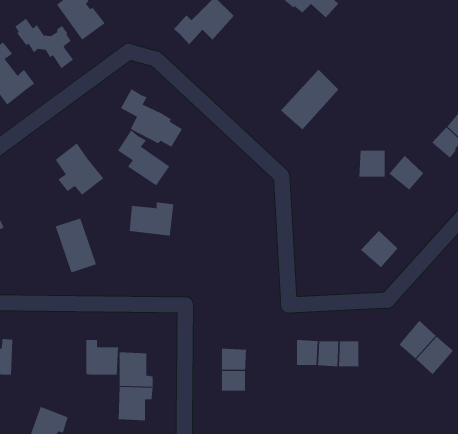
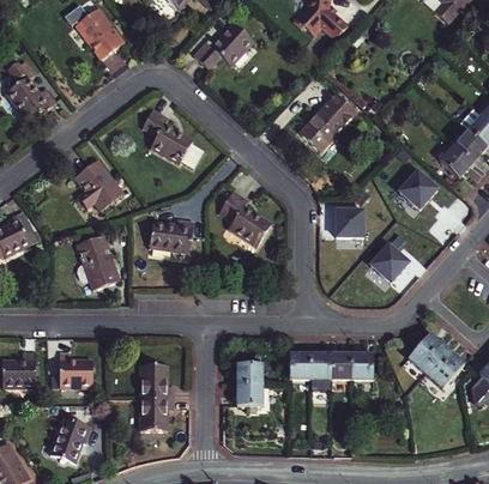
building: [14,18,74,69] -> none
building: [117,129,170,186] -> [217,192,268,247]
building: [358,150,386,177] -> [338,212,364,238]
building: [85,339,119,375] -> [59,355,91,389]
building: none -> [289,353,310,379]

